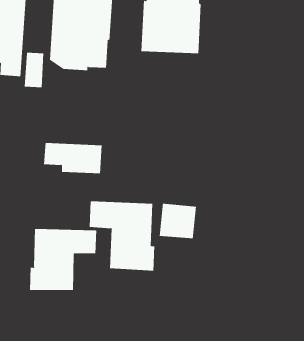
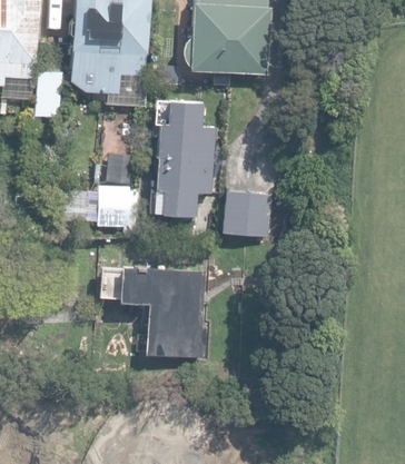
building: none -> [155,101,217,228]
building: [159,203,197,239] -> [221,190,271,237]
building: [30,228,97,291] -> none

